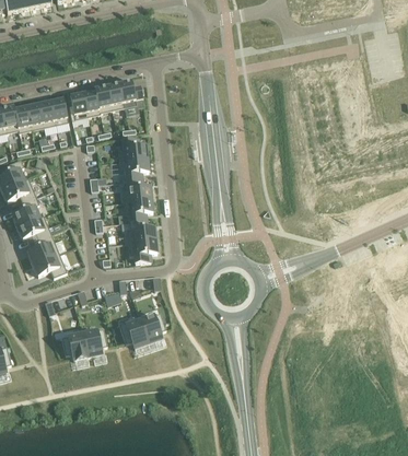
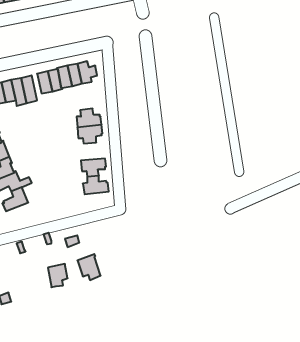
building: [121,177,152,199] -> none
building: [127,237,158,260] -> none
building: [31,250,66,276] -> none
building: [139,309,165,340] -> none
building: [60,330,86,358] -> none

